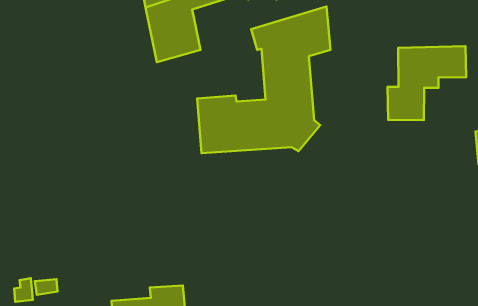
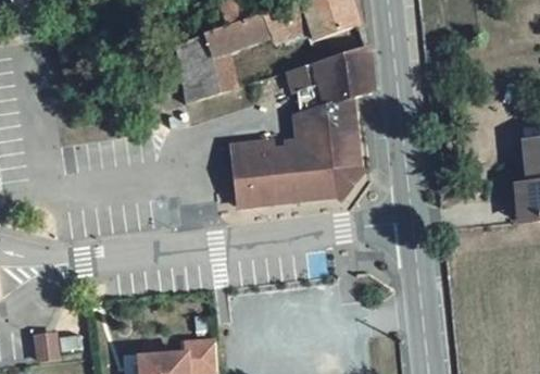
building: [388,46,466,120] -> none

